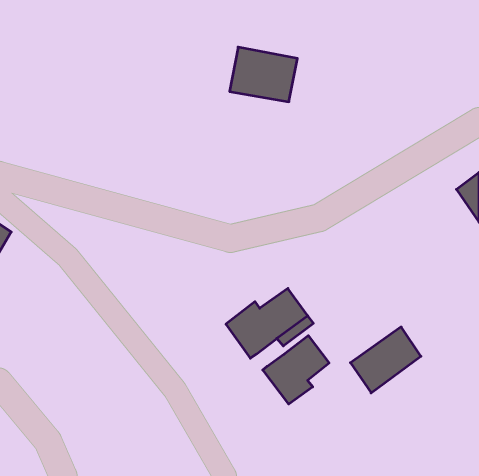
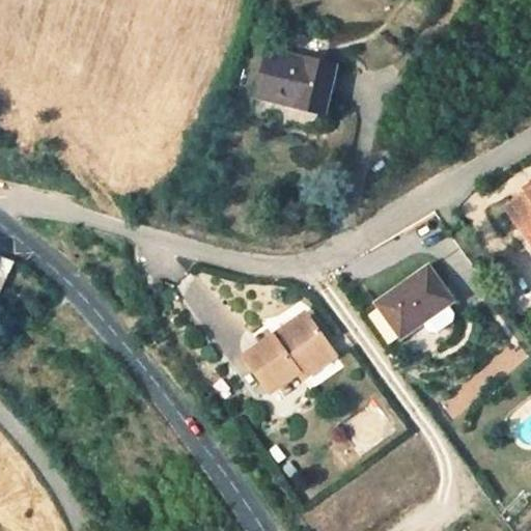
building: [350,327,421,393] -> [374,262,452,335]
building: [263,336,329,404] -> none

